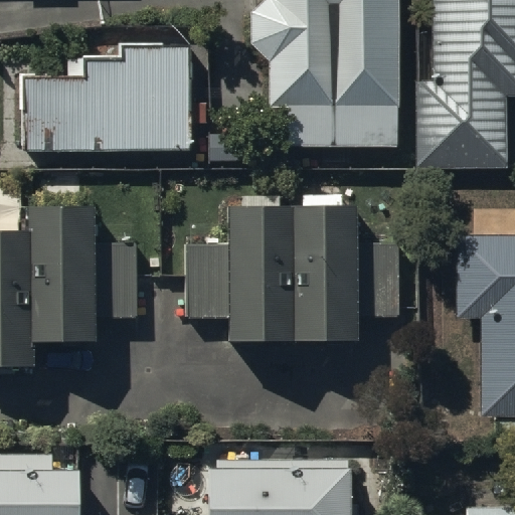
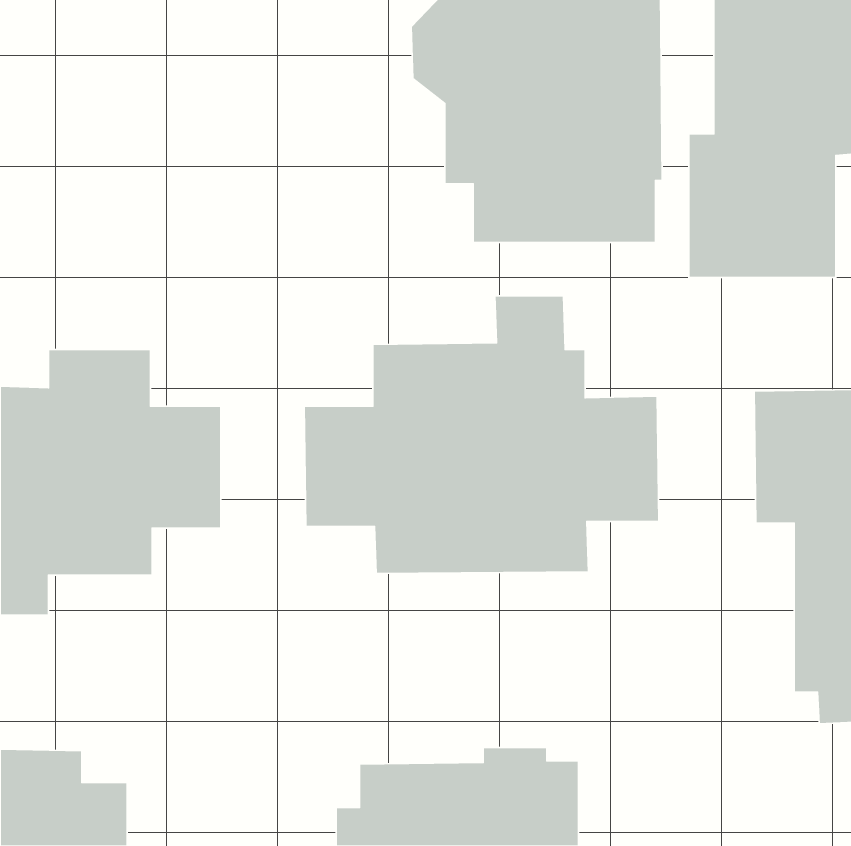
building: [19,44,190,152] -> none

